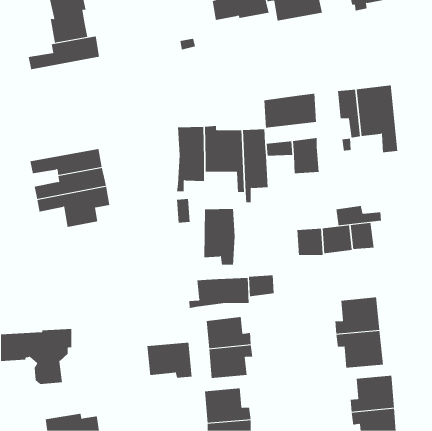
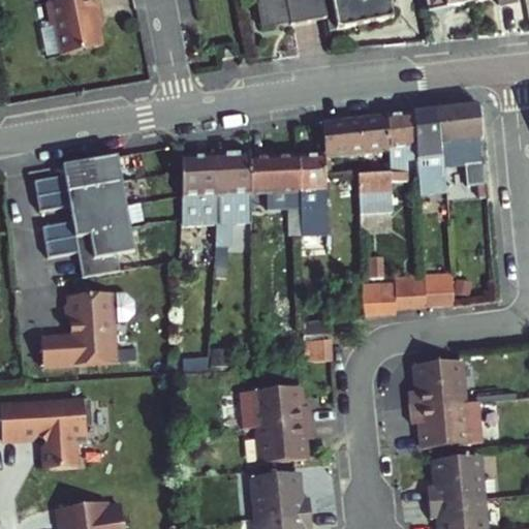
building: [28,36,100,70] -> [34,155,122,196]
building: none -> [385,111,416,179]
building: [336,205,381,226] -> none
building: [203,208,236,265] -> [180,155,219,224]
building: none -> [39,292,133,367]
building: [189,277,249,309] -> none
building: [147,342,192,378] -> none

